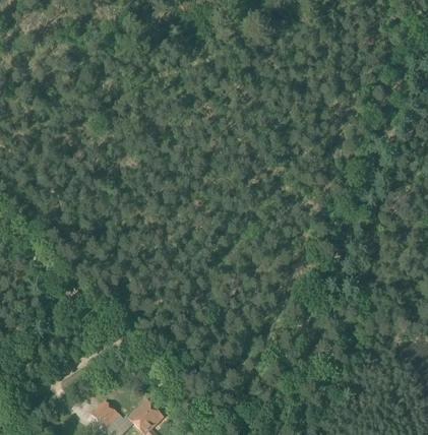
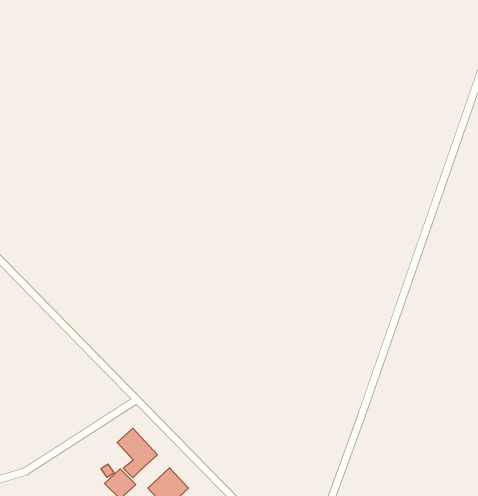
building: none -> [117,428,157,478]

